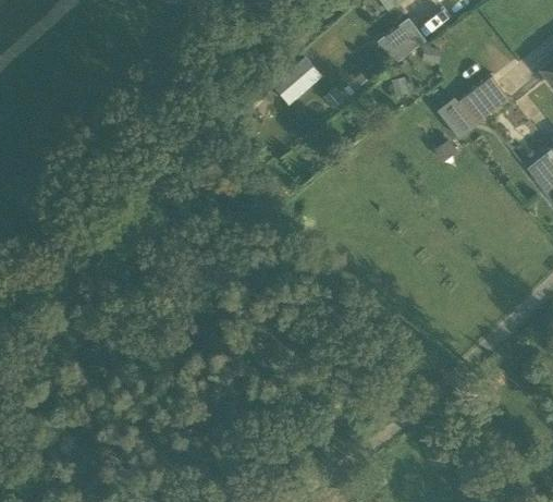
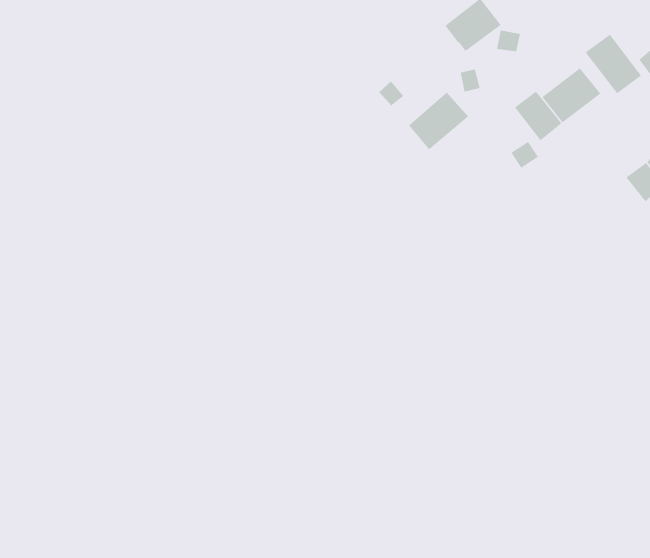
building: none -> [585,34,642,94]
building: [271,56,322,105] -> [408,92,469,150]

